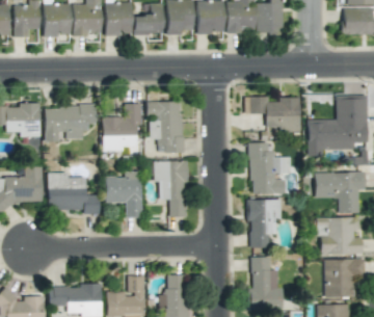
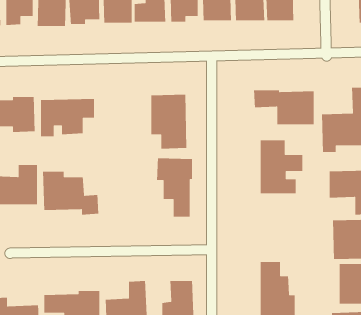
building: [102,103,142,152] -> none
building: [106,171,142,217] -> none
building: [248,199,282,247] -> none

